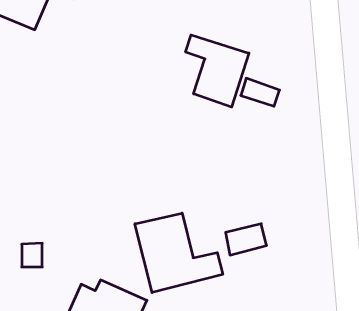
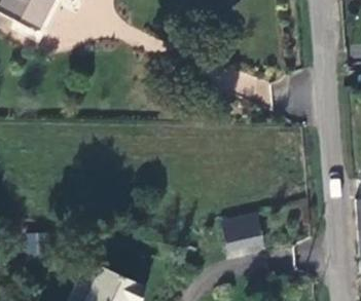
building: [186,35,249,107] -> none
building: [135,213,223,293] -> none

